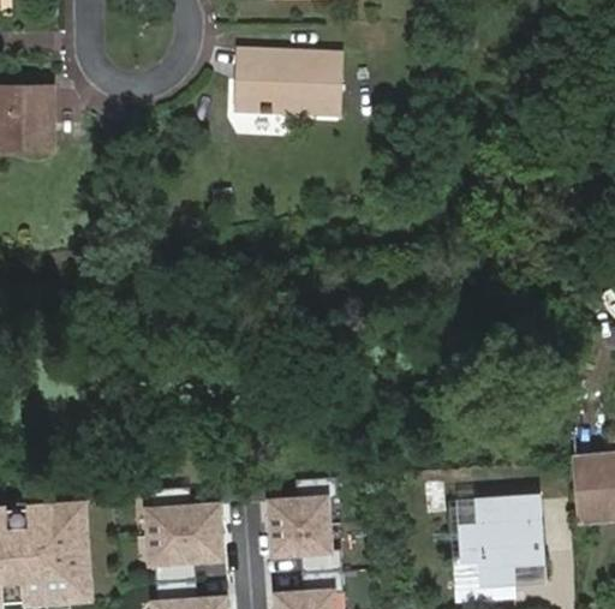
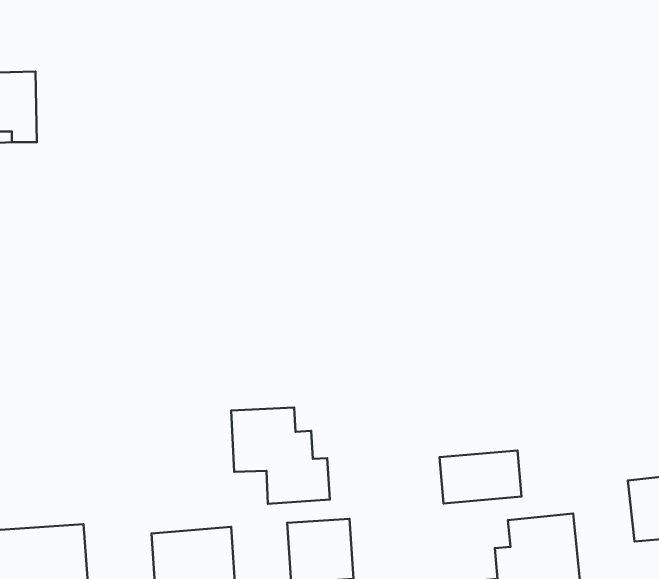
building: [238,48,341,109] -> none
building: none -> [231,407,330,504]
building: none -> [439,450,521,503]

